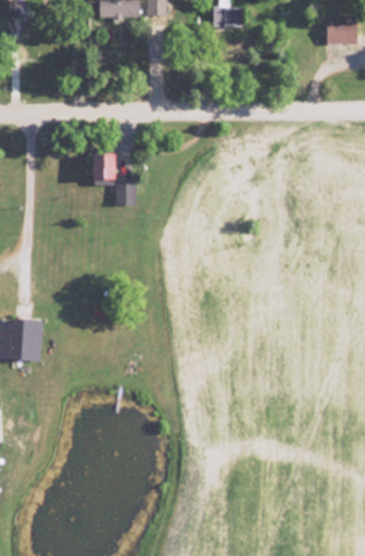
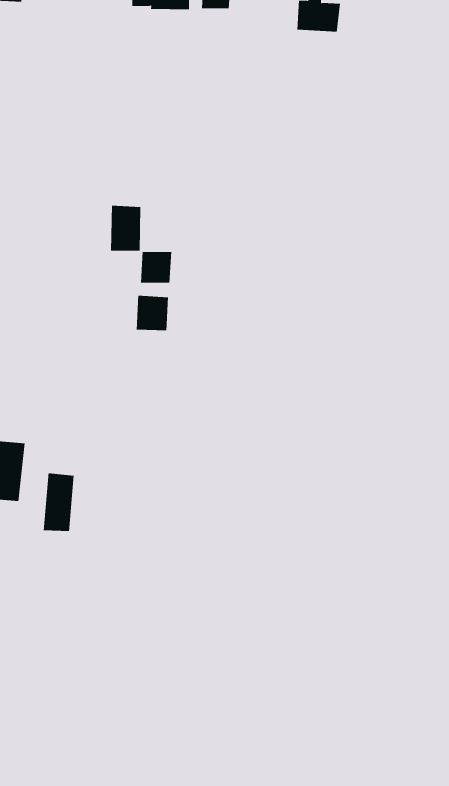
building: none -> [136,295,169,331]
building: none -> [43,472,74,532]

